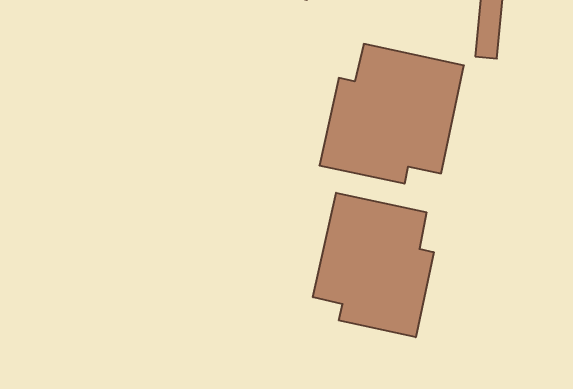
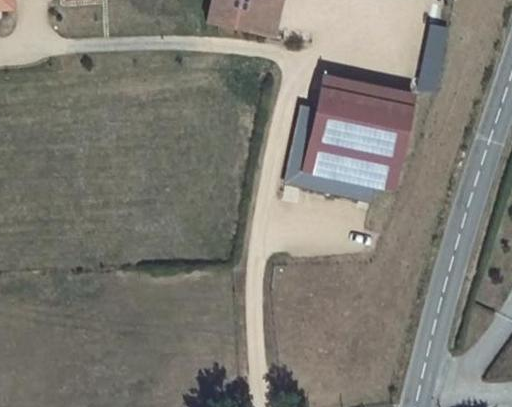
building: [313,193,434,337] -> none

